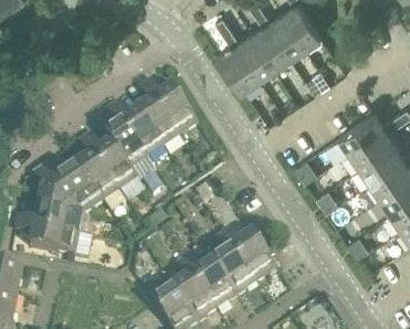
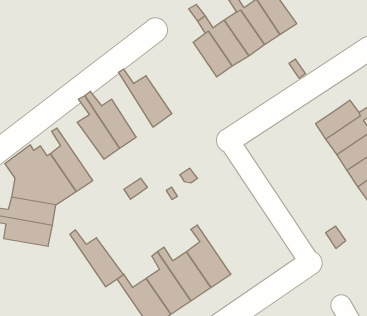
building: [138,79,179,144] -> none
building: [84,130,137,187] -> [70,230,123,287]
building: [223,226,277,279] -> none

